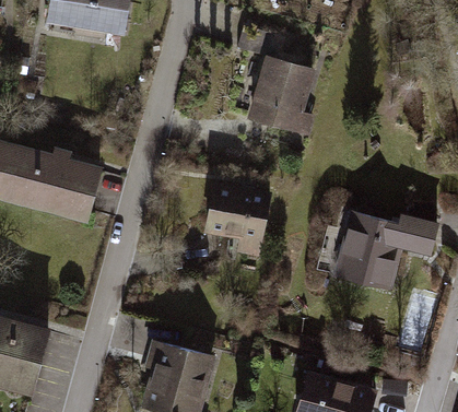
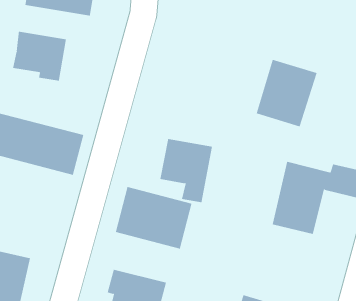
building: [245,51,319,133] -> [256,59,318,127]
building: none -> [12,31,67,81]
building: none -> [115,186,192,249]

